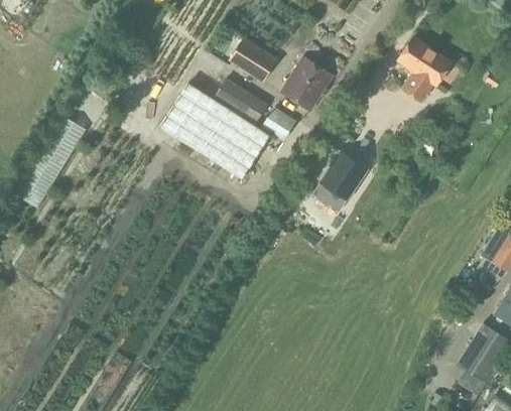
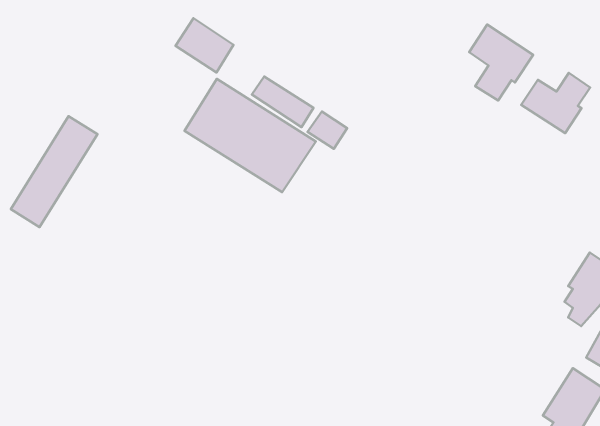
building: [229,36,277,82] -> [176,18,233,72]
building: [282,57,334,110] -> none
building: none -> [521,73,590,133]
building: [314,154,366,212] -> none

